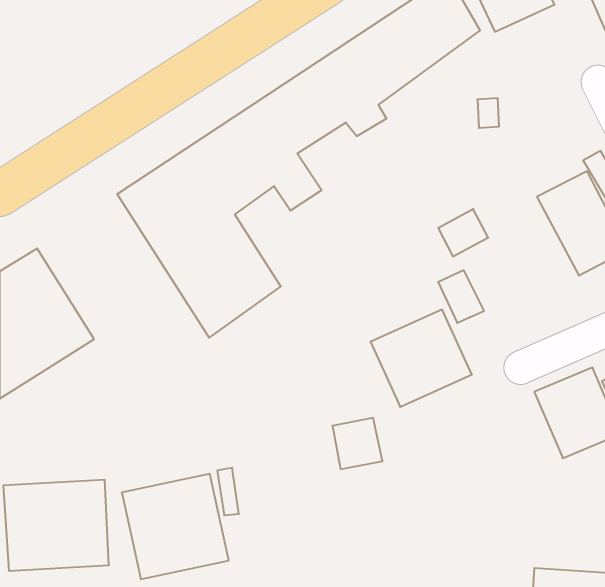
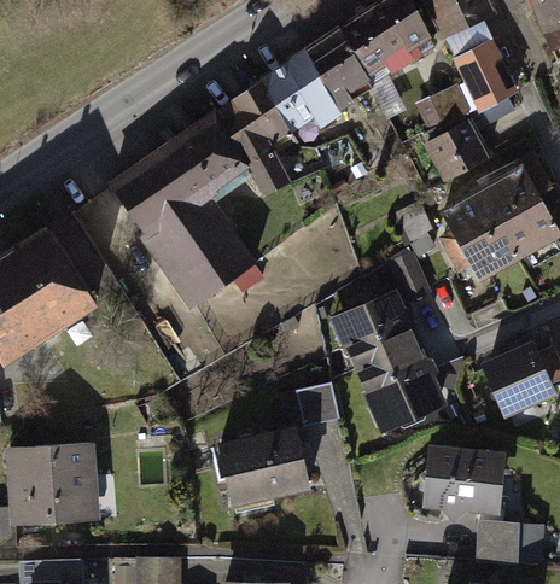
building: none -> [453,41,520,115]
building: none -> [424,121,494,185]
building: none -> [436,189,518,284]
building: none -> [358,348,449,434]
building: [122,474,229,579] -> [212,410,308,504]
building: none -> [422,445,502,513]

